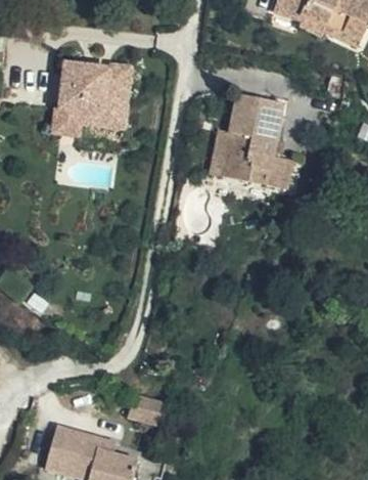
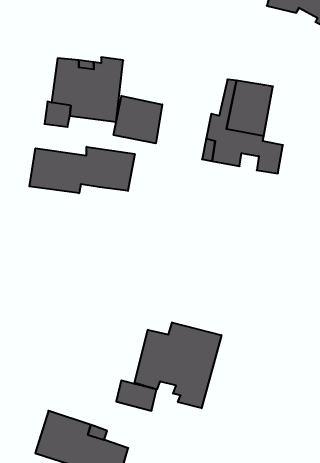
building: none -> [114,96,162,143]
building: none -> [29,147,135,193]
building: none -> [135,322,221,408]

